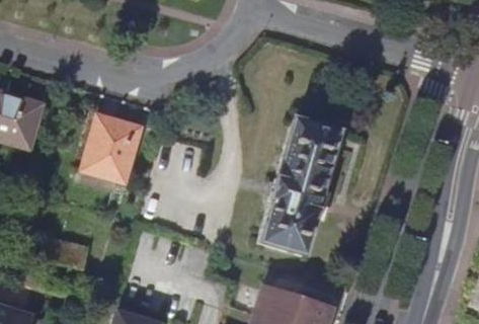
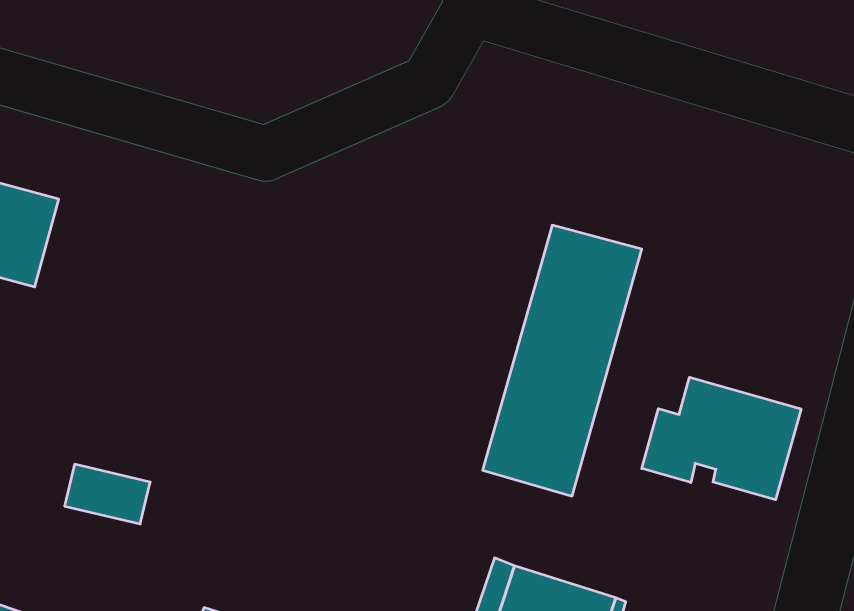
building: [84,116,142,183] -> none
building: none -> [642,377,801,500]

